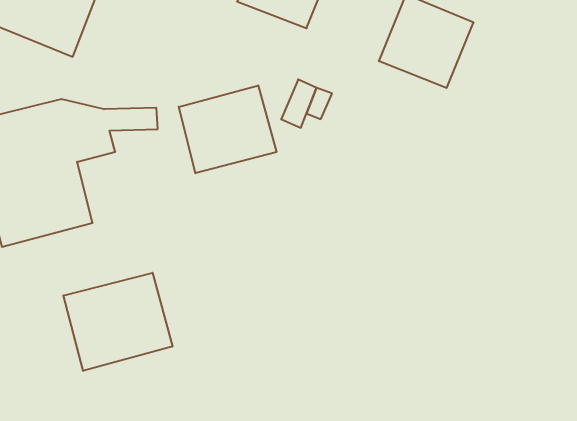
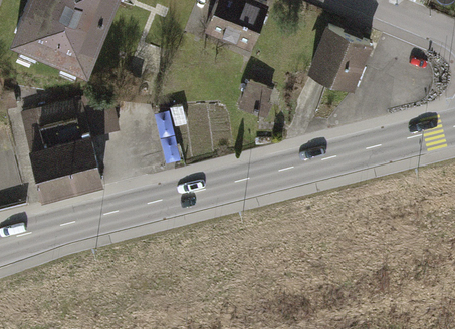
building: [179,85,276,173] -> none
building: [63,273,172,371] -> none

